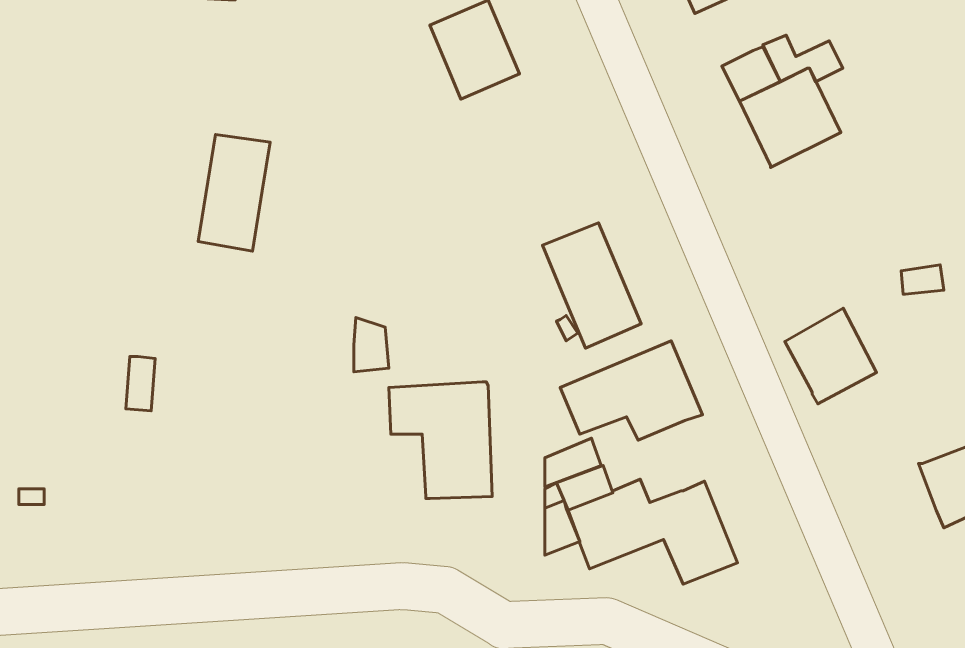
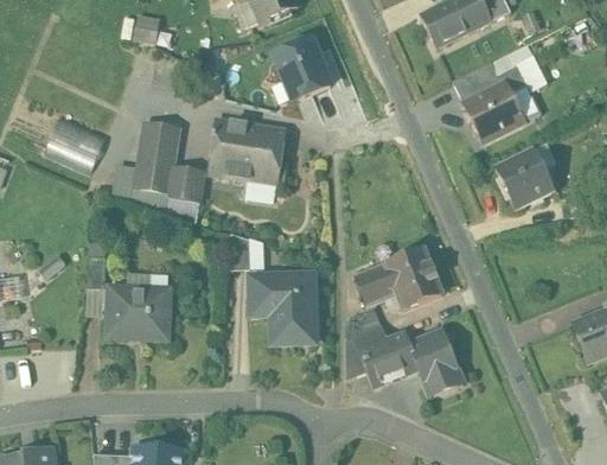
building: none -> [46,115,107,167]
building: none -> [210,119,285,181]
building: none -> [167,165,205,200]
building: [542,223,641,348] -> none
building: [785,308,876,404] -> [498,152,554,210]
building: none -> [110,286,172,339]

